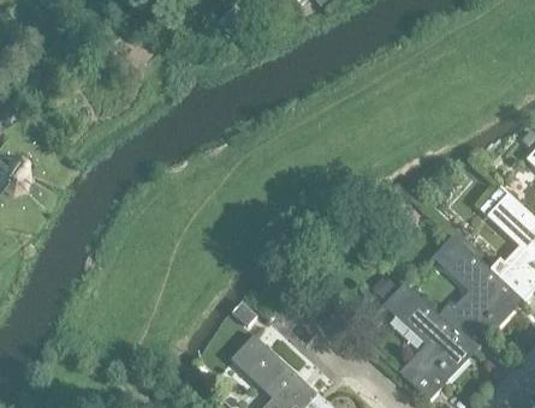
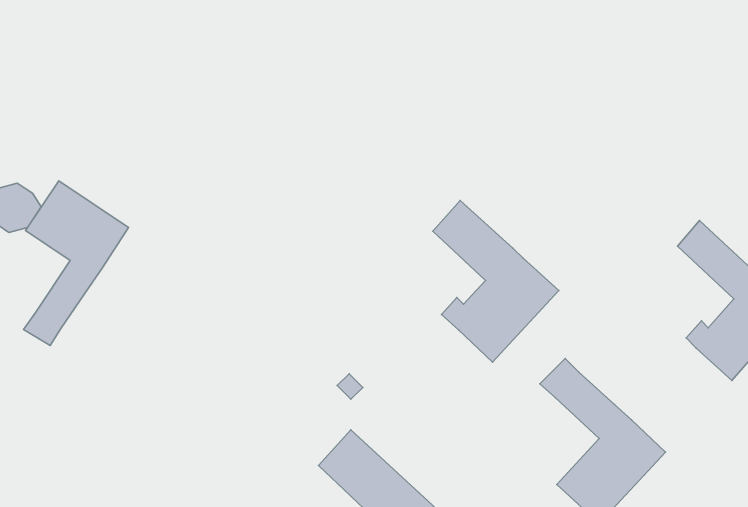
building: none -> [24,181,129,345]
building: [433,236,522,350] -> [433,200,559,362]

